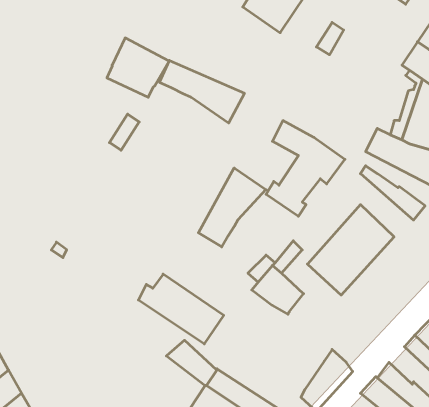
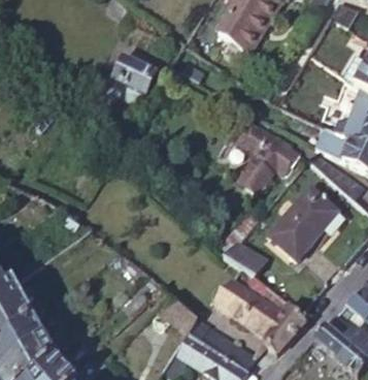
building: [160,60,244,123] -> none
building: [198,168,266,247] -> none
building: [138,274,224,344] -> [215,278,283,334]

